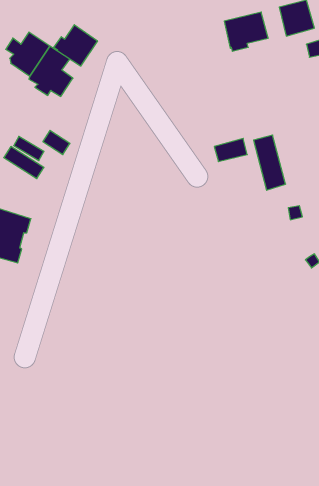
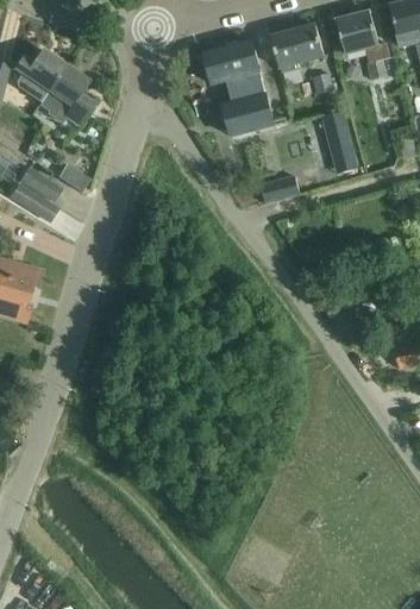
building: [54,25,97,66] -> none
building: none -> [203,39,274,134]
building: [254,135,286,190] -> [322,108,361,174]

